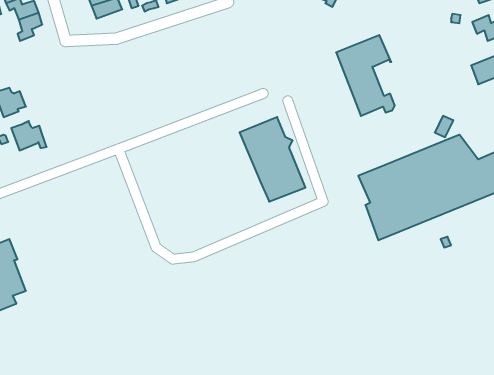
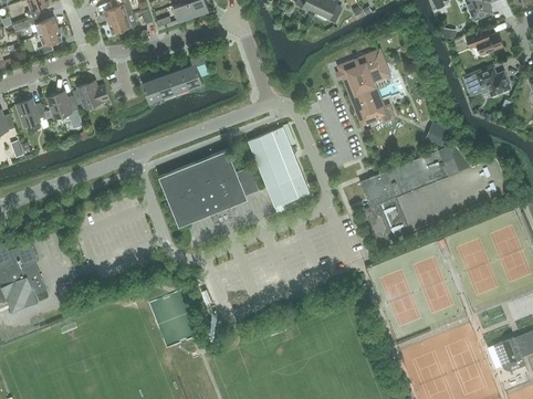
building: none -> [142,54,208,103]
building: none -> [76,82,109,108]
building: [11,121,47,150] -> [46,92,80,119]
building: none -> [158,149,258,227]

